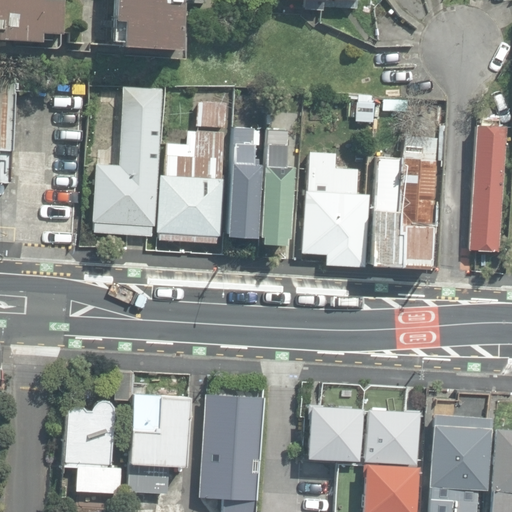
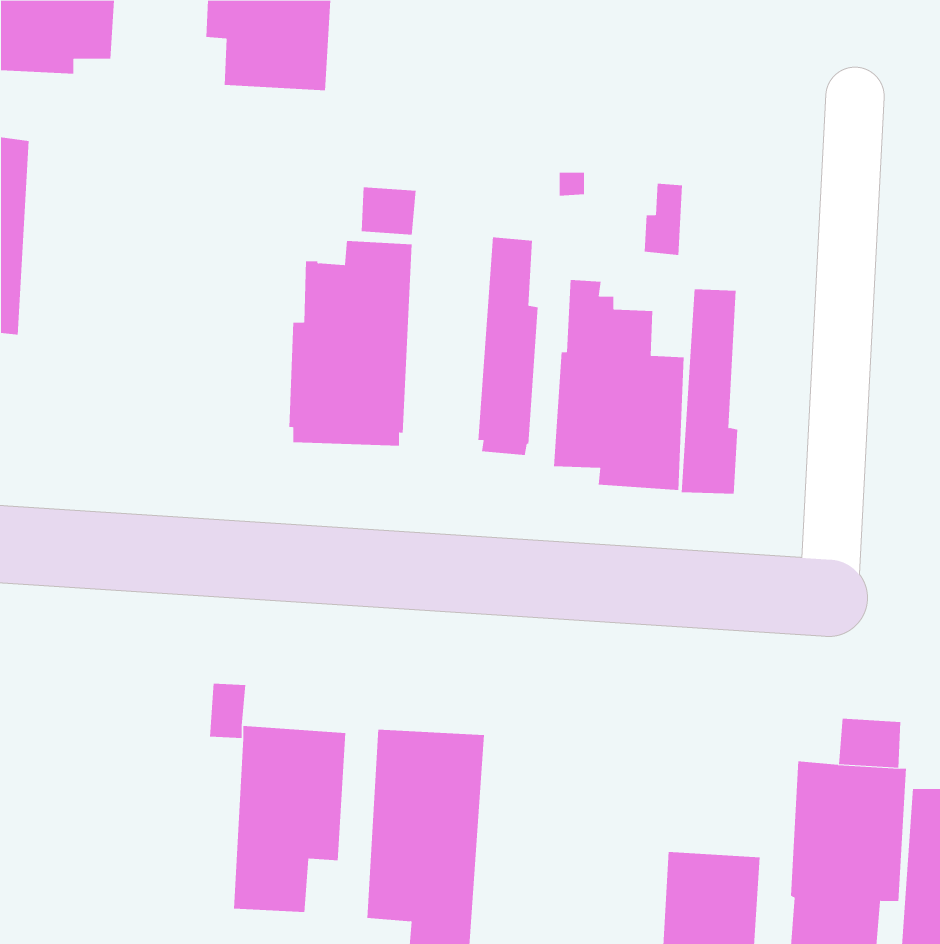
building: [93,87,164,237] -> none
building: [471,126,506,251] -> none
building: [228,127,263,238] -> none
building: [397,137,437,270] -> none
building: [66,401,123,493] -> none
building: [307,403,360,458] -> none
building: [363,407,417,462] -> none

